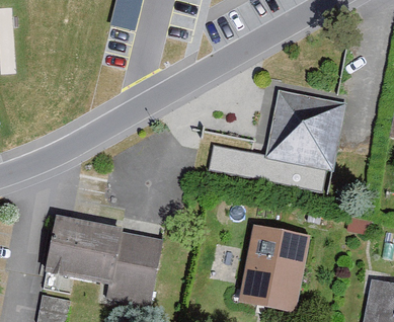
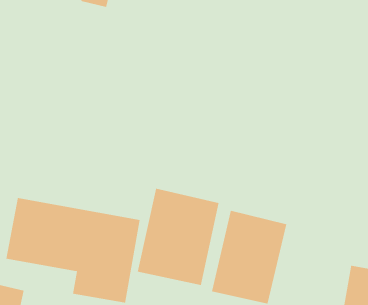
building: [212,90,343,193] -> none
building: none -> [137,188,219,286]

